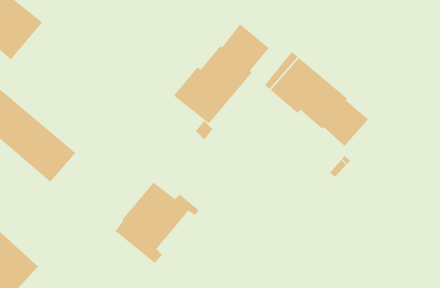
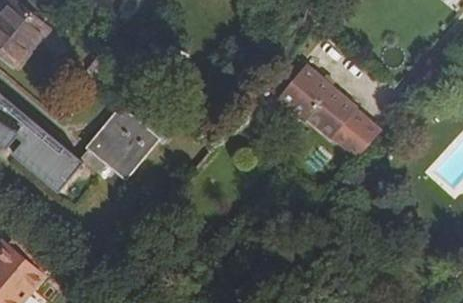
building: [173,23,270,124] -> none
building: [115,182,199,264] -> [80,109,166,192]

